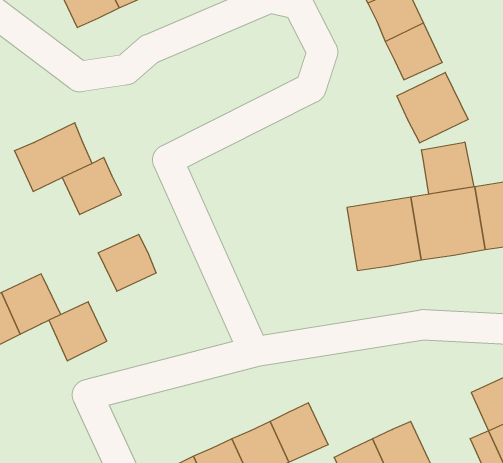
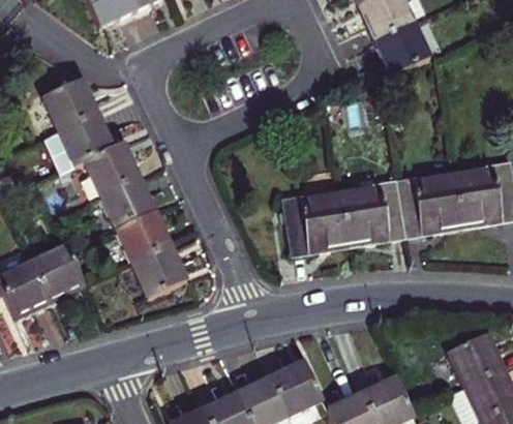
building: [397,72,468,143] -> none
building: none -> [46,79,97,128]
building: [422,142,474,194] -> none
building: none -> [101,175,154,226]
building: none -> [281,186,349,251]
building: [49,302,107,361] -> [134,244,186,297]

